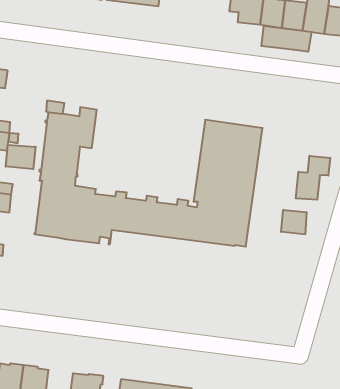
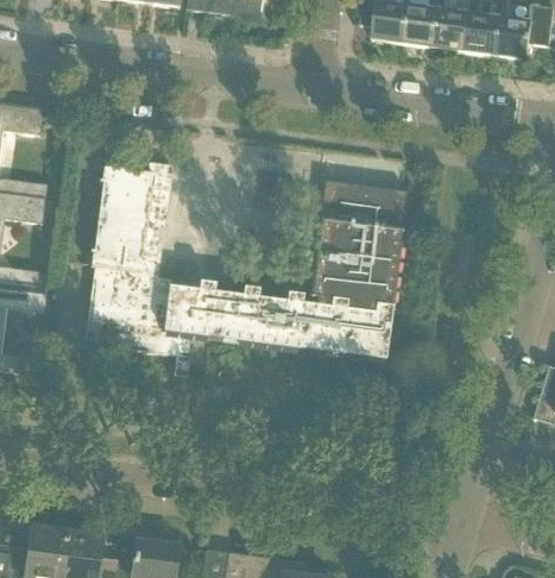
building: [261,26,311,52] -> none
building: [6,145,36,169] -> none
building: [296,156,330,200] -> none
building: [281,210,306,234] -> none

